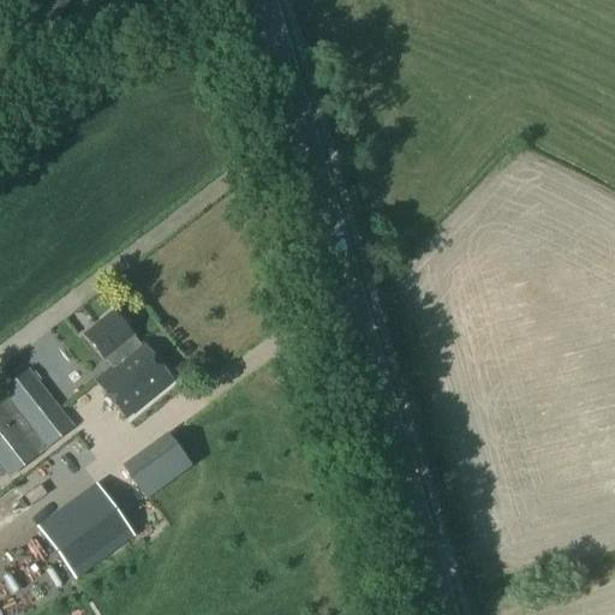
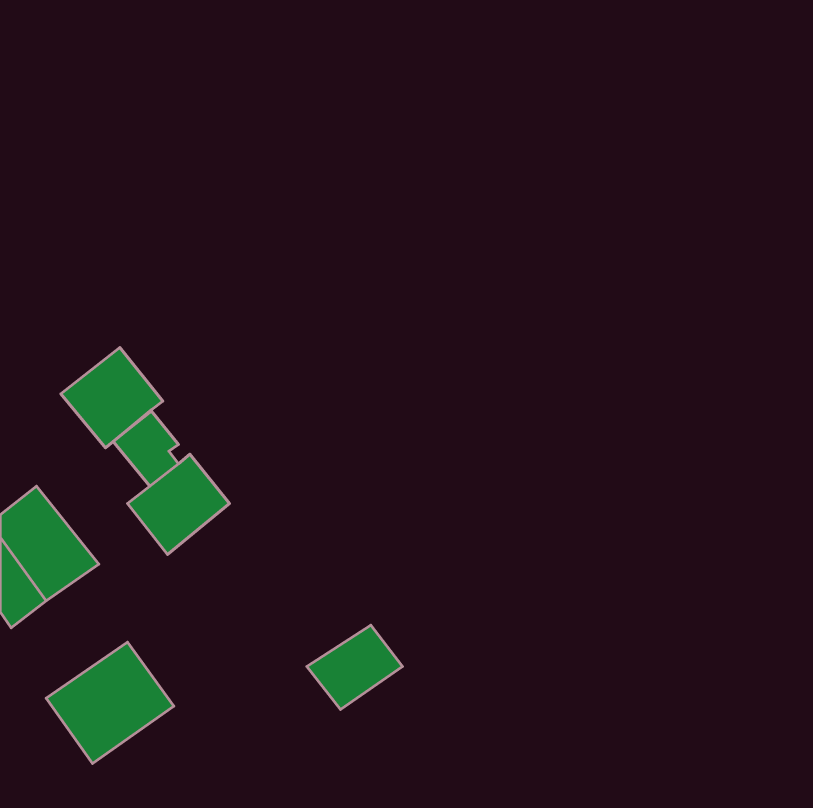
building: none -> [61,348,163,448]
building: [121,434,193,497] -> [307,625,403,710]

